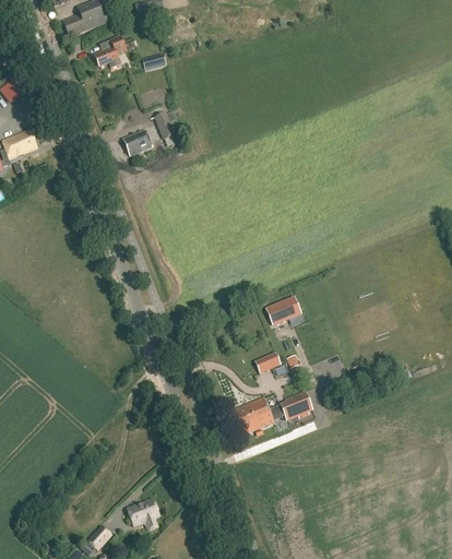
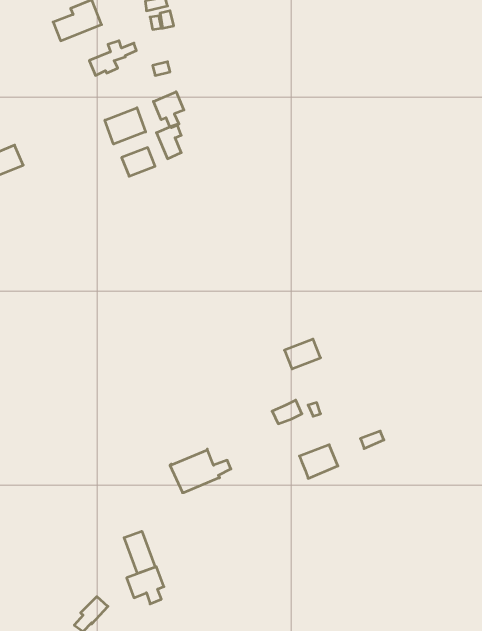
building: none -> [153,92,184,127]
building: none -> [105,108,146,144]
building: [230,396,284,435] -> [170,449,231,493]
building: none -> [124,531,155,574]

